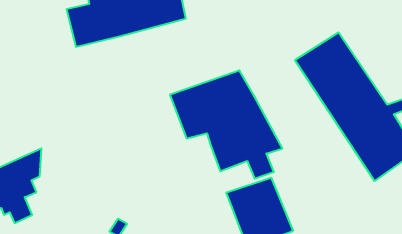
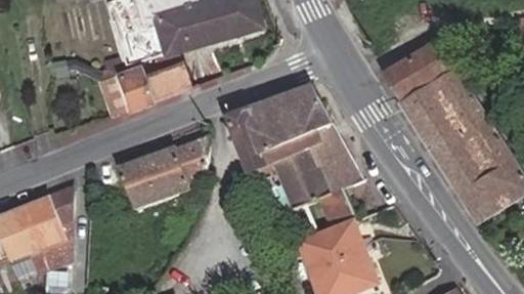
building: none -> [108,46,184,113]
building: none -> [122,135,206,207]

